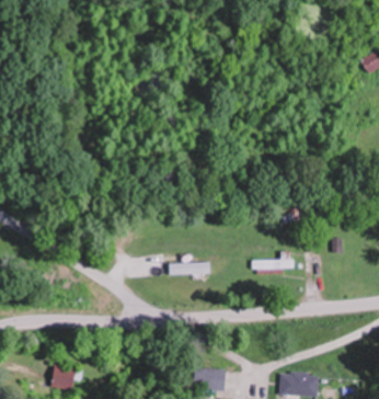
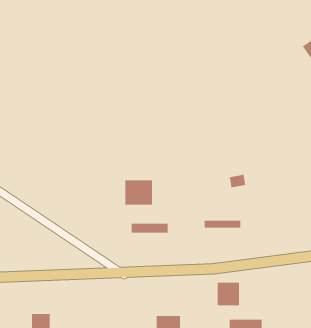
building: none -> [125,180,153,206]
building: none -> [217,282,240,306]

